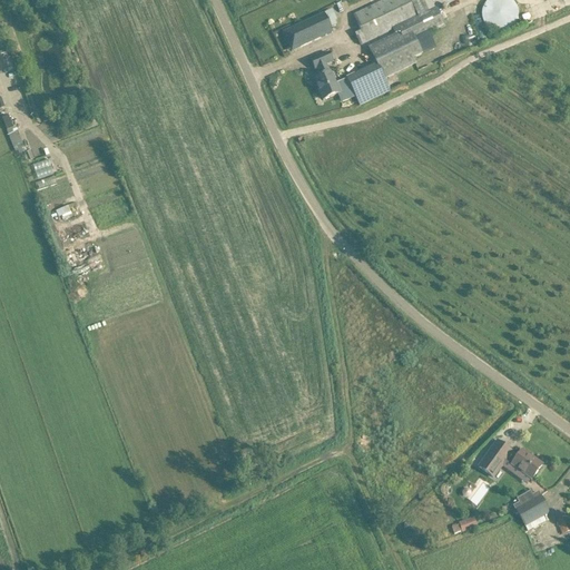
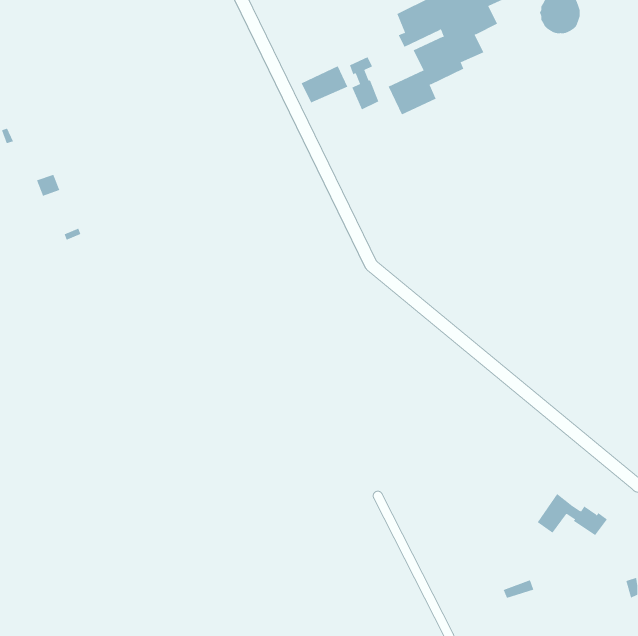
building: [289,11,332,45] -> [301,65,348,103]
building: [514,489,548,523] -> none

